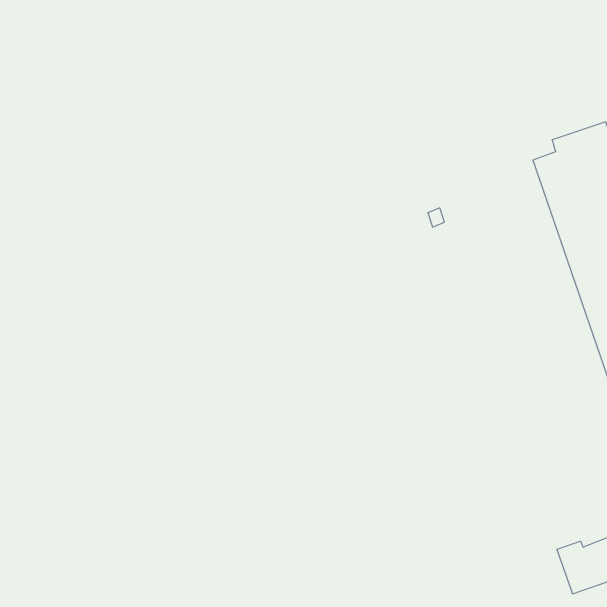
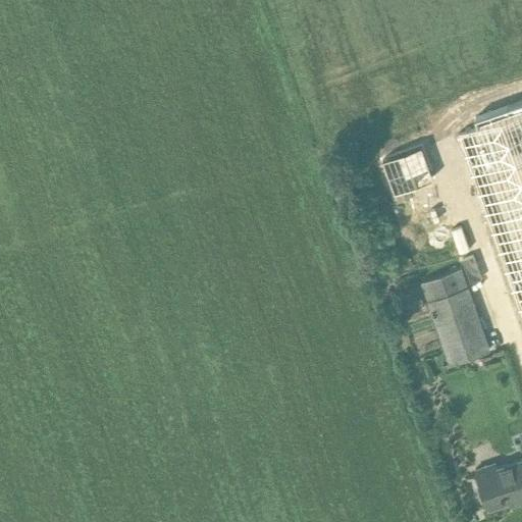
building: none -> [386,150,436,200]
building: none -> [425,270,492,365]

